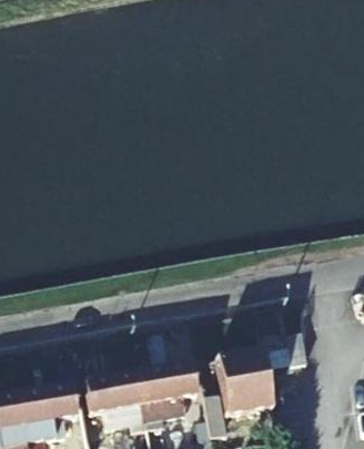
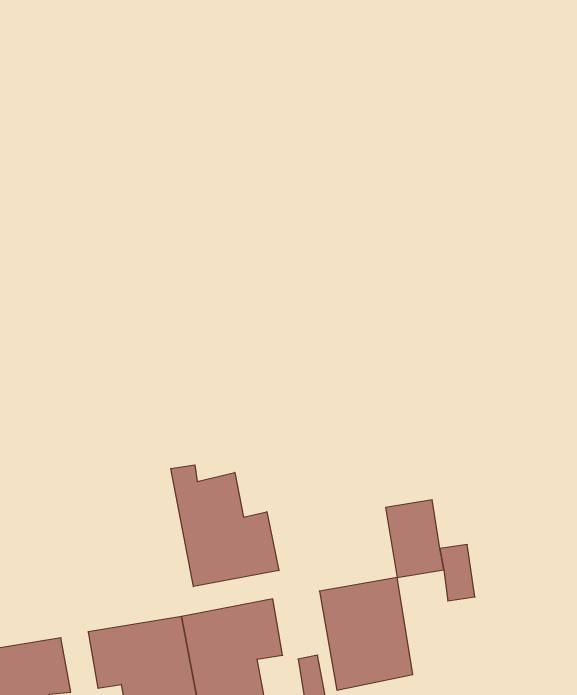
building: none -> [171,465,279,587]

